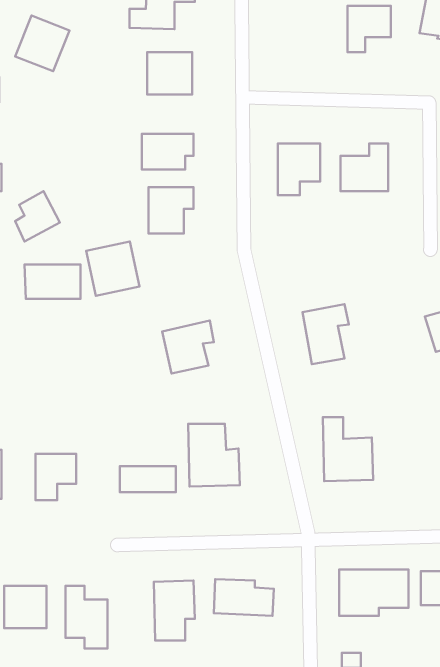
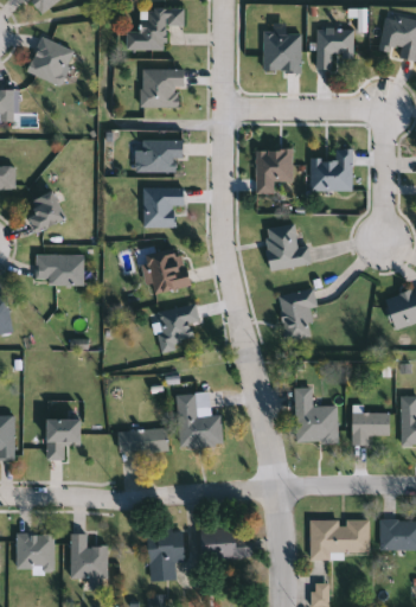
building: none -> [263,32,302,71]
building: none -> [267,224,311,268]
building: [86,241,139,296] -> [143,245,190,293]
building: none -> [352,413,390,445]

